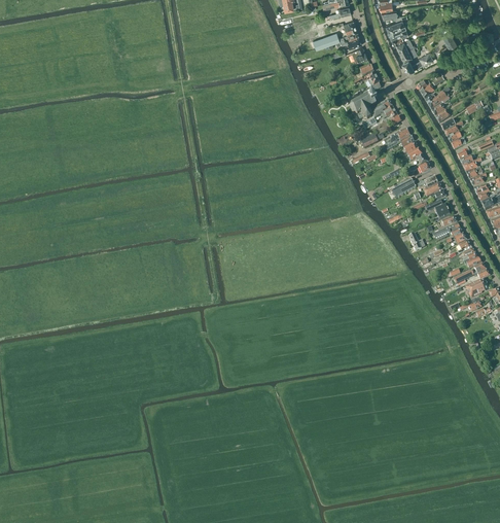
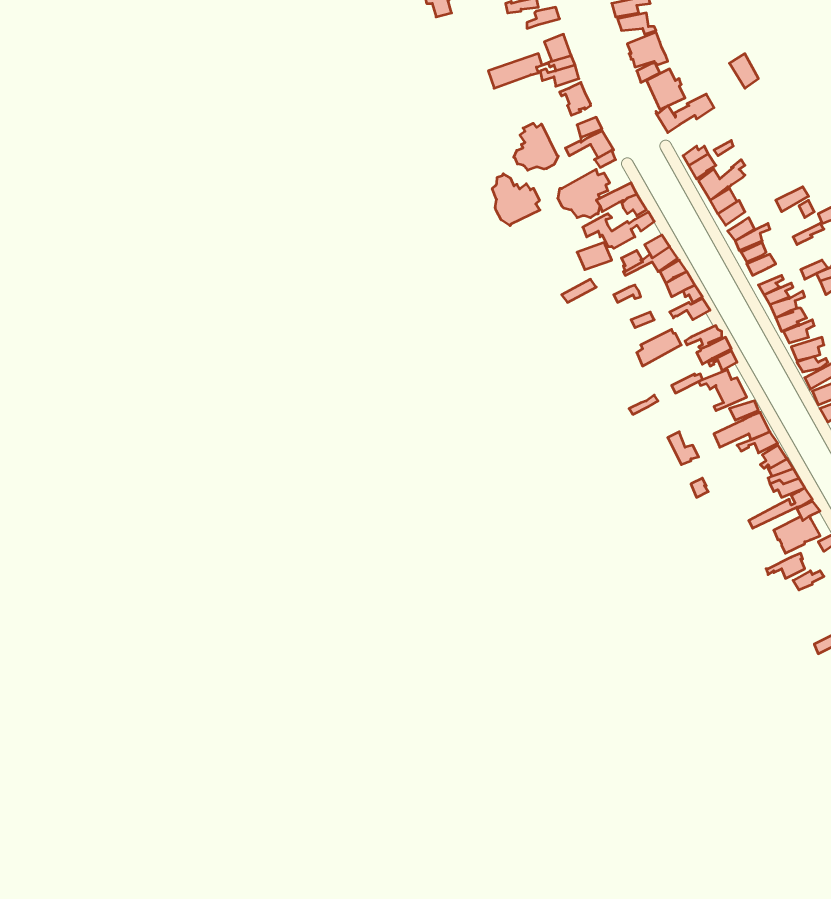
building: none -> [514,123,558,170]
building: none -> [492,174,540,226]

